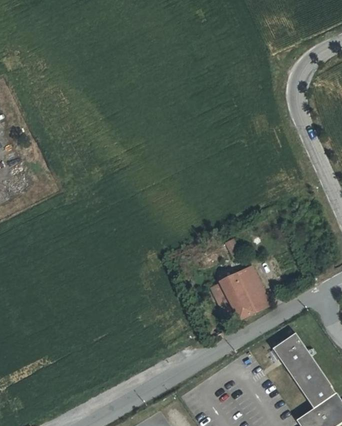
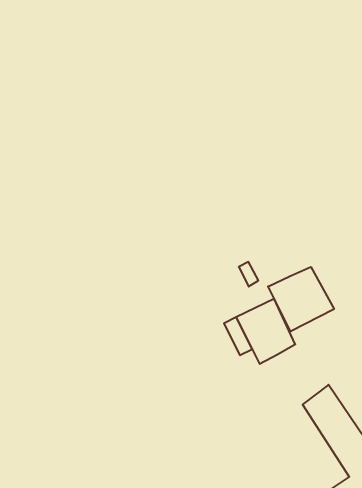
building: none -> [268,267,334,331]

